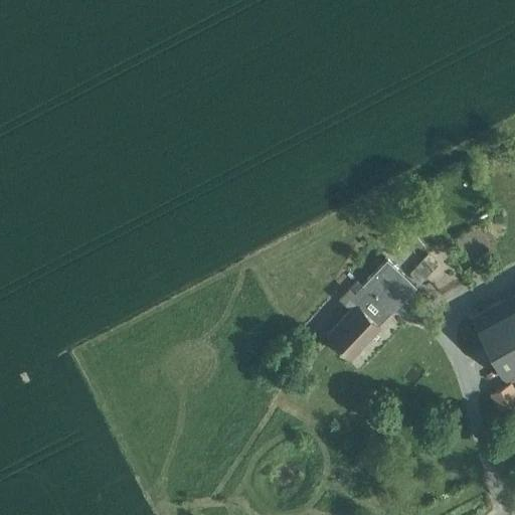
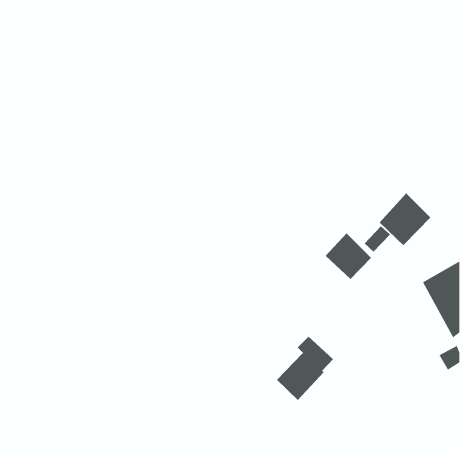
building: none -> [379,193,431,247]
building: [327,290,391,362] -> [276,336,334,401]

